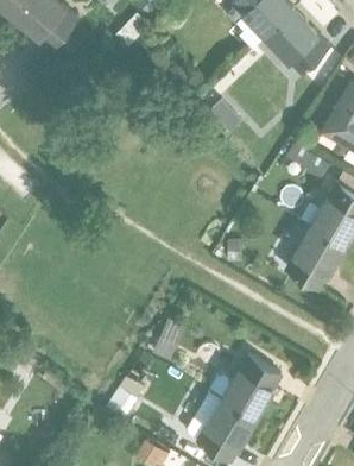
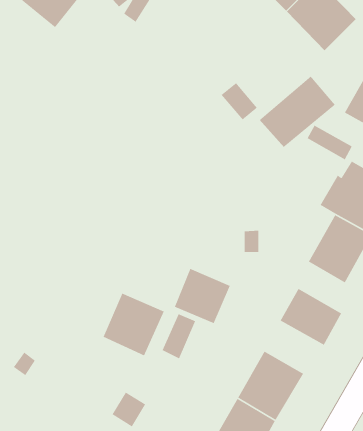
building: none -> [259,76,336,148]
building: none -> [174,268,231,324]
building: none -> [279,288,342,346]
building: none -> [103,292,165,357]

